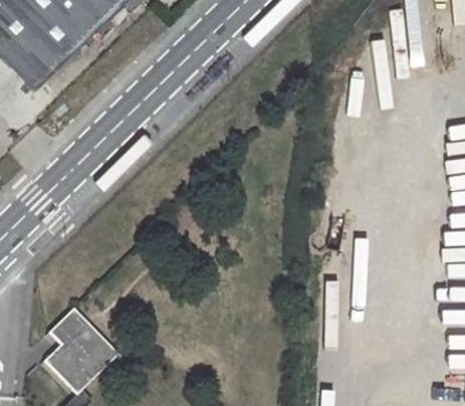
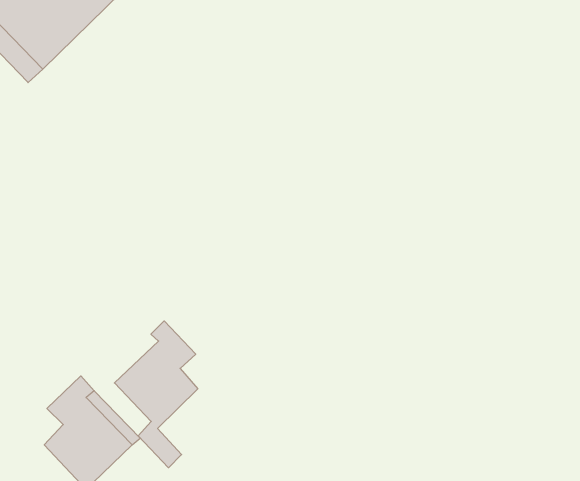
building: none -> [114,321,198,468]

